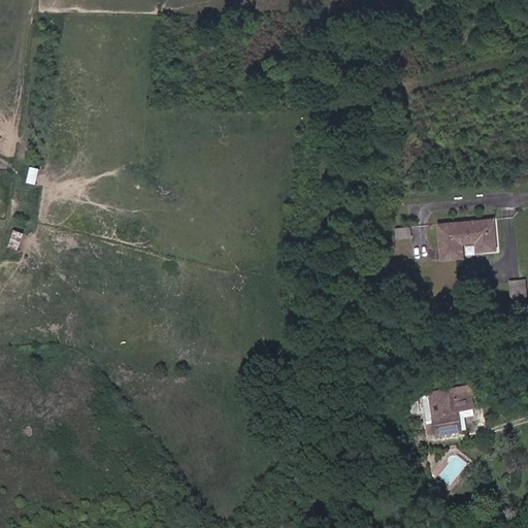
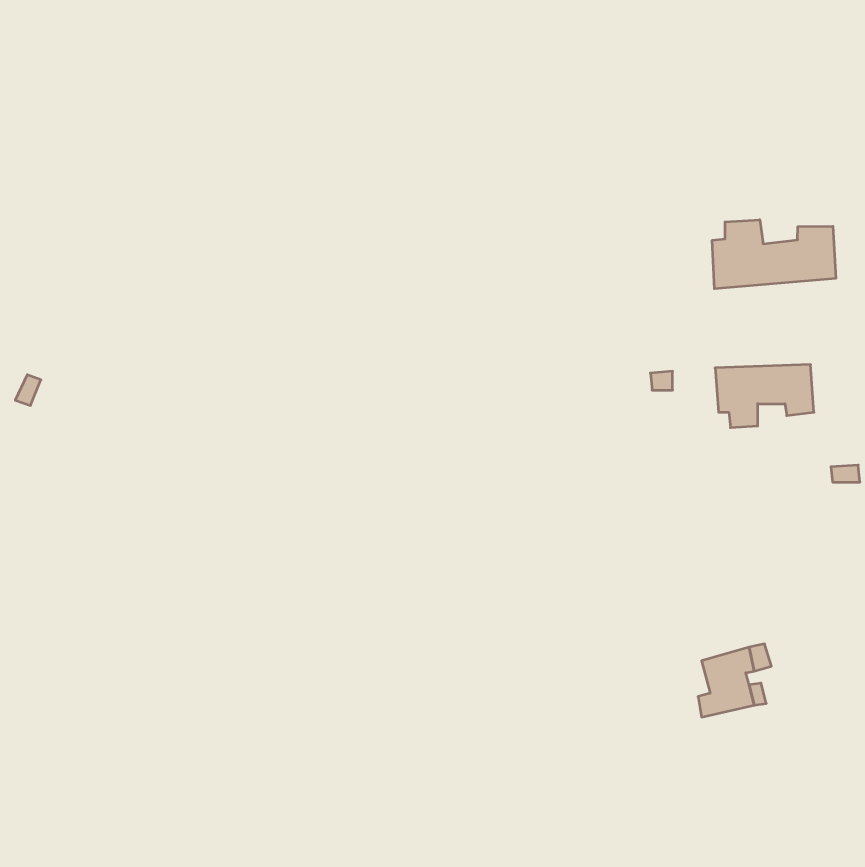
building: none -> [712,220,836,289]

